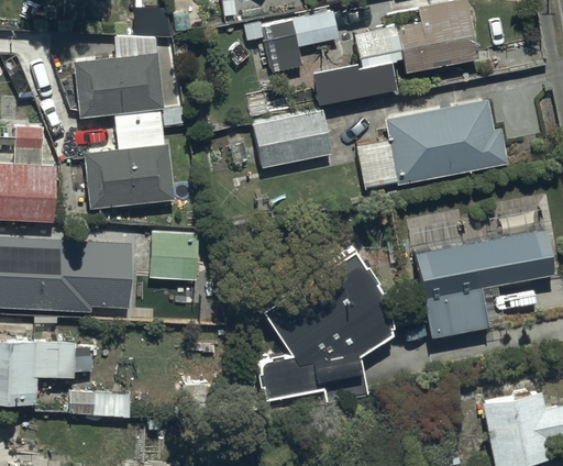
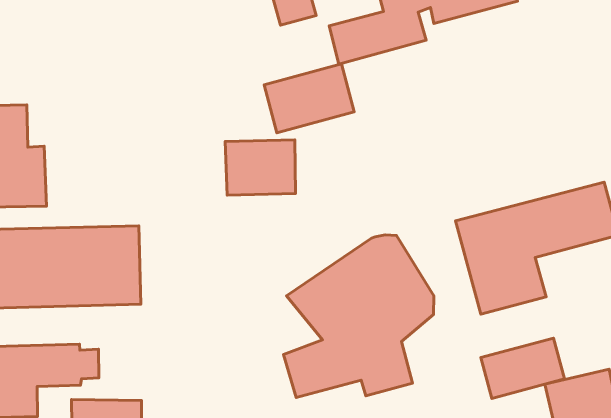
building: [73,55,183,209] -> none
building: [382,97,507,186] -> none
building: [150,231,212,280] -> [225,140,296,195]
building: none -> [481,338,564,399]

